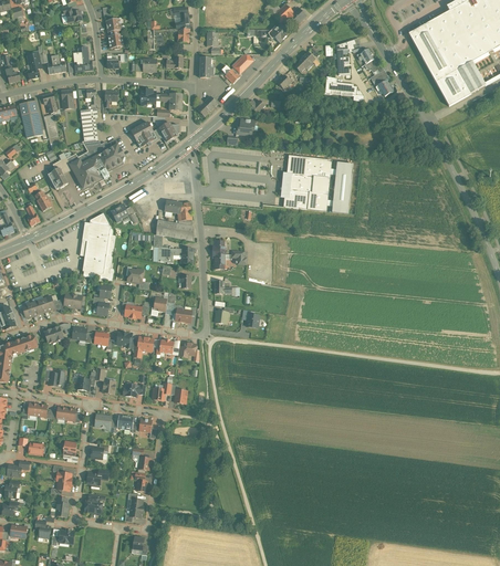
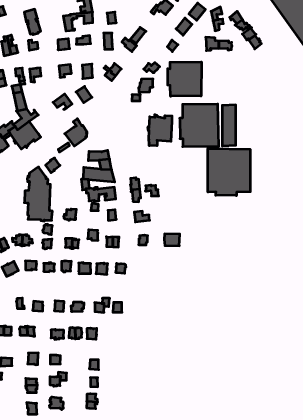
building: none -> [168,62,201,96]
building: [96,138,124,171] -> [65,119,87,146]
building: none -> [148,115,172,146]
building: none -> [208,148,250,196]

